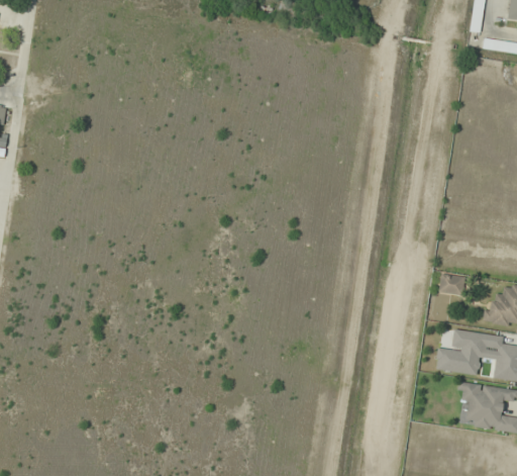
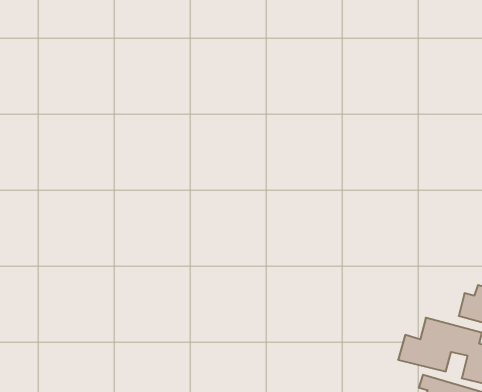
building: [438,272,467,296] -> none

